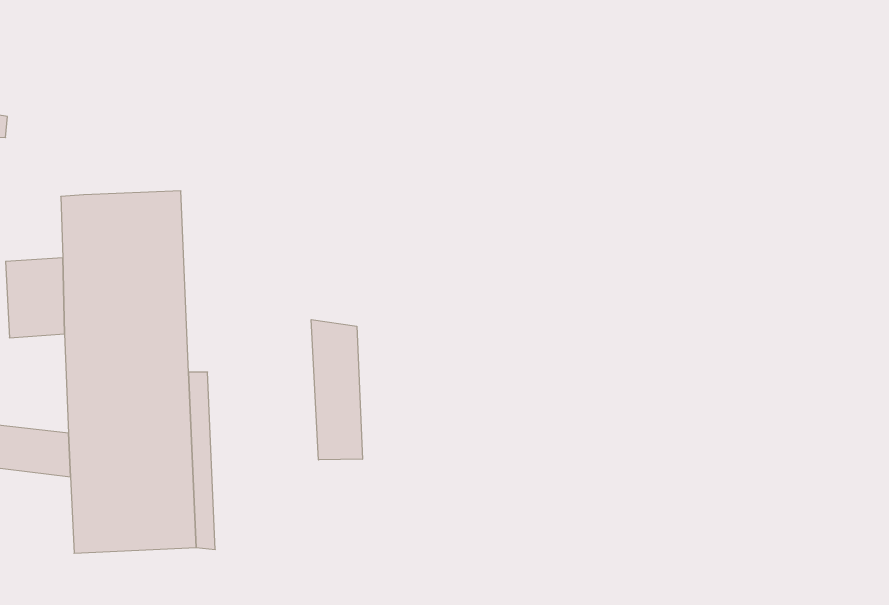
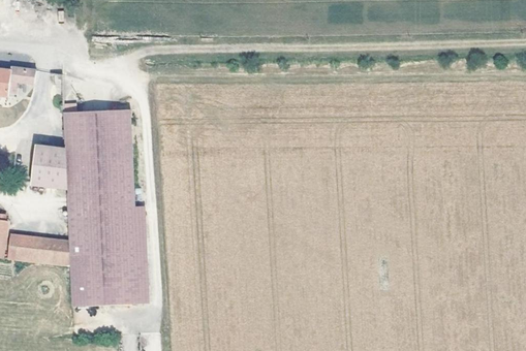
building: [311,320,362,460] -> none

